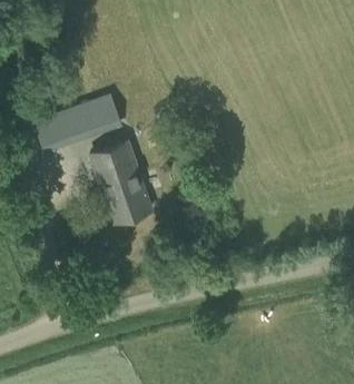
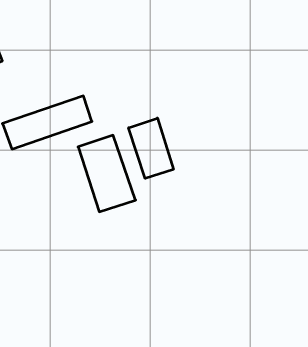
building: none -> [129,118,173,178]

